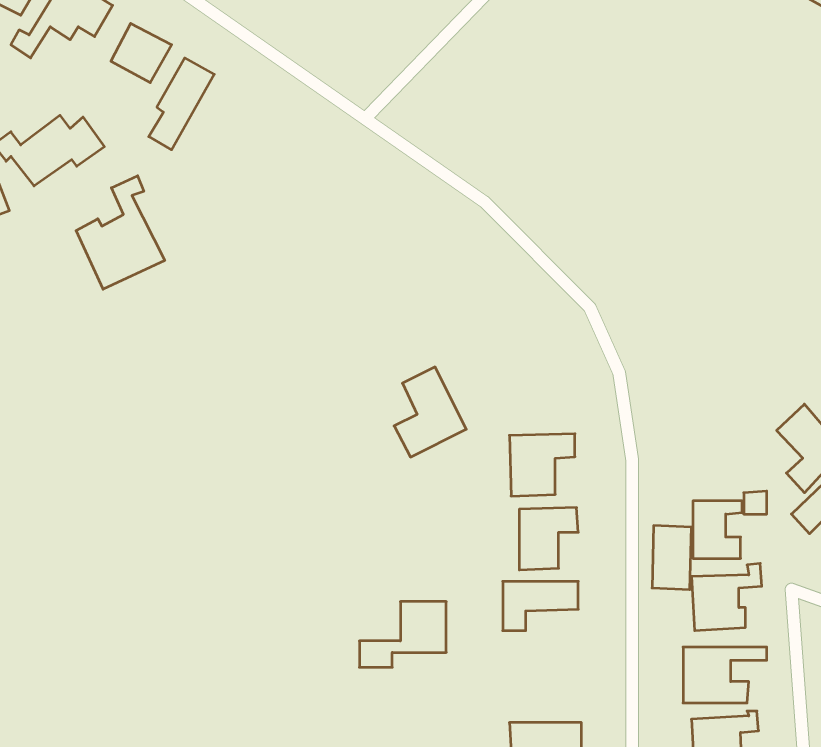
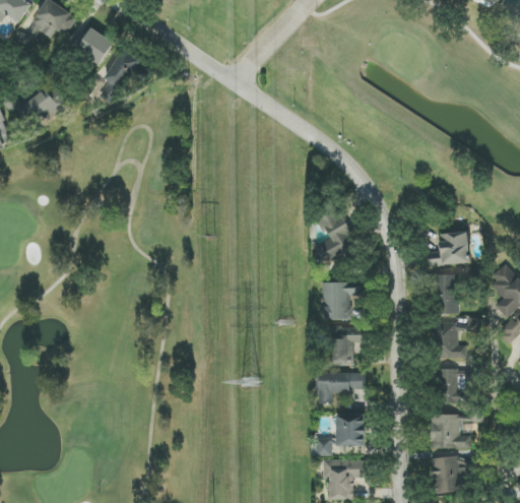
building: [76,176,165,289] -> none
building: none -> [427,232,468,265]
building: [394,367,466,457] -> [313,209,358,265]
building: [652,526,691,590] -> [434,274,458,314]
building: [359,602,446,667] -> [311,415,365,455]

